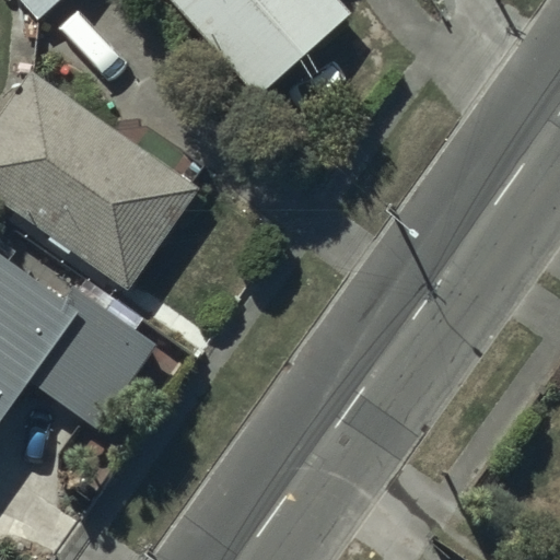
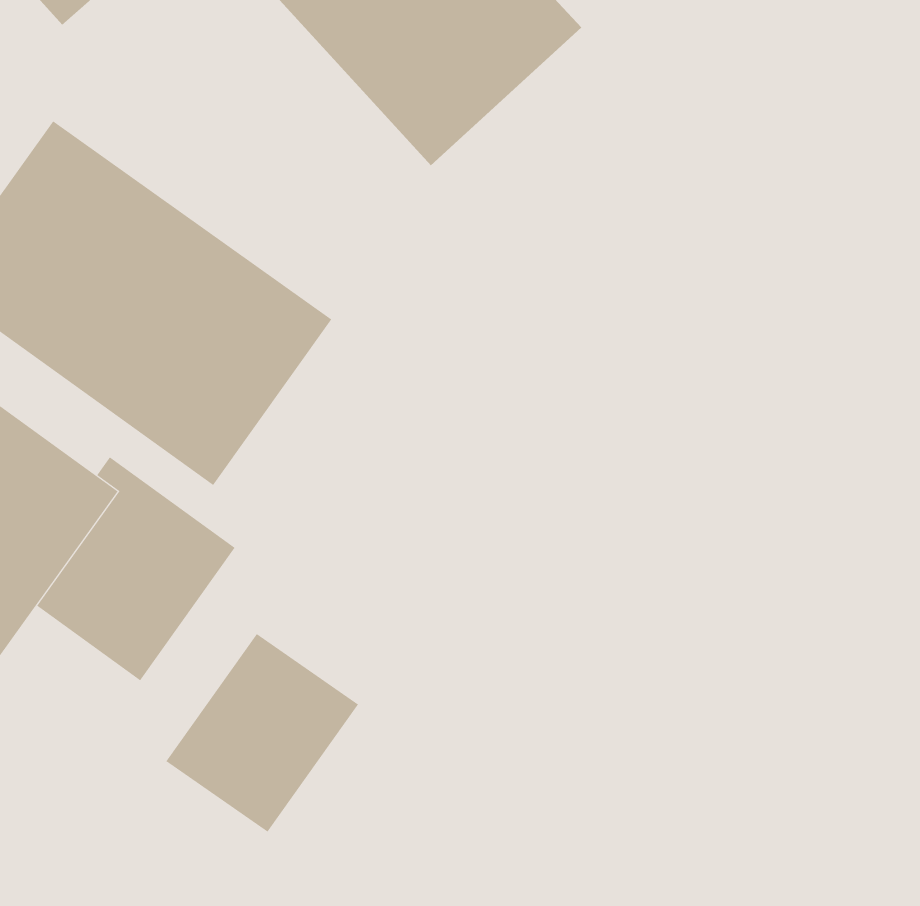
building: none -> [166,633,359,833]

